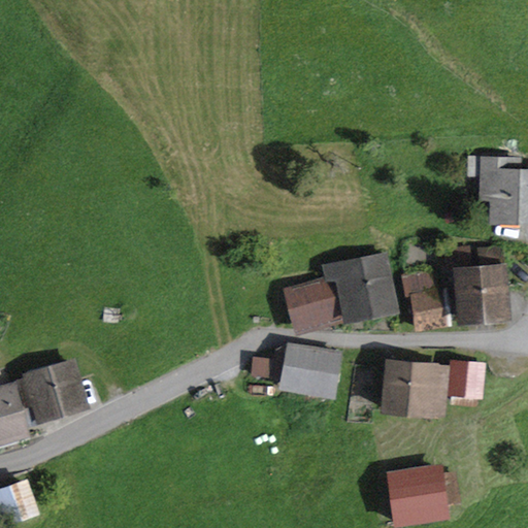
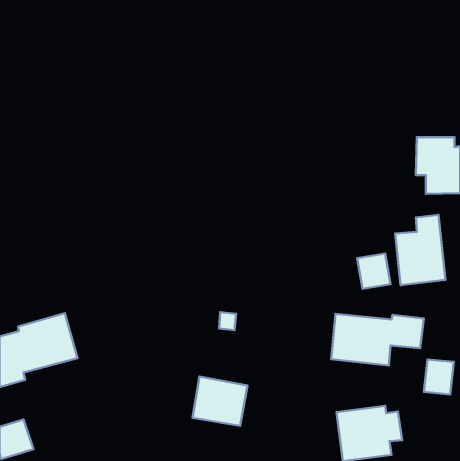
building: [284,252,398,335] -> none
building: [278,341,341,398] -> [192,376,247,426]
building: none -> [424,360,454,394]

